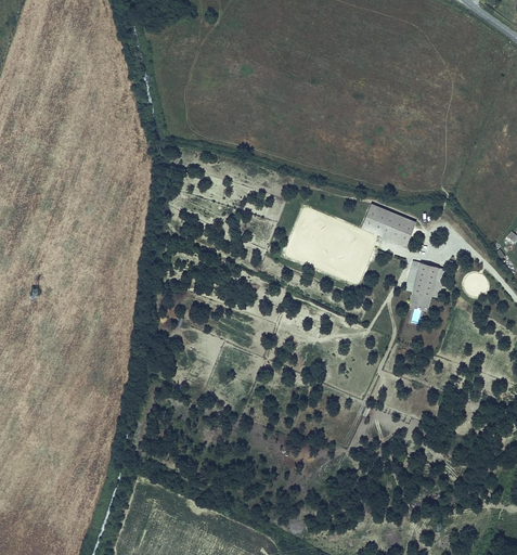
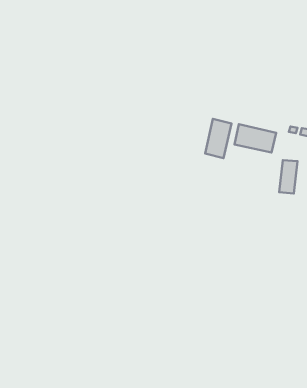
building: none -> [205,119,231,158]

